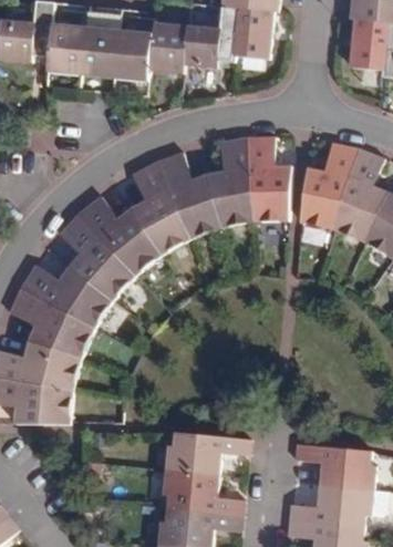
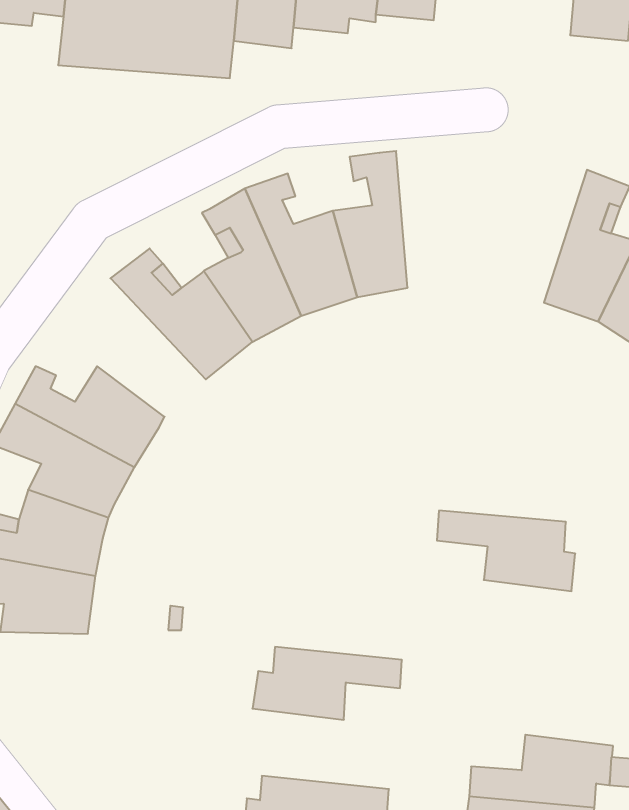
building: [247,136,290,218] -> none
building: [301,143,360,227] -> none
building: [60,213,134,295] -> none
building: [296,442,378,489] -> [437,511,575,591]
building: [159,467,245,515] -> none

